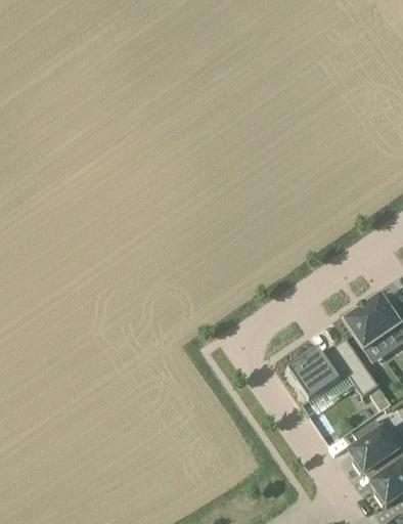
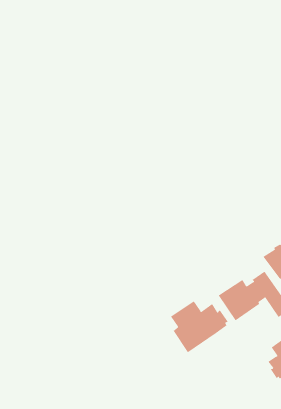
building: none -> [170,301,229,353]

